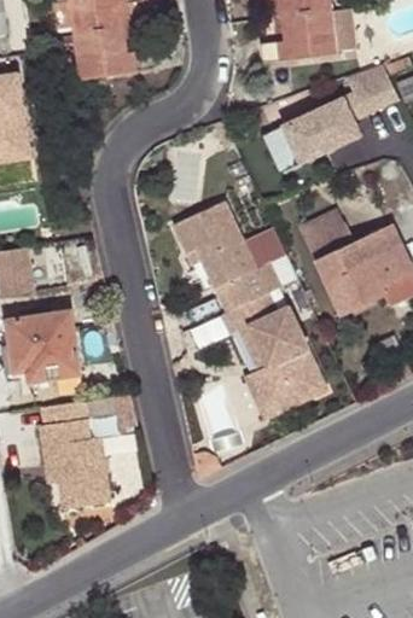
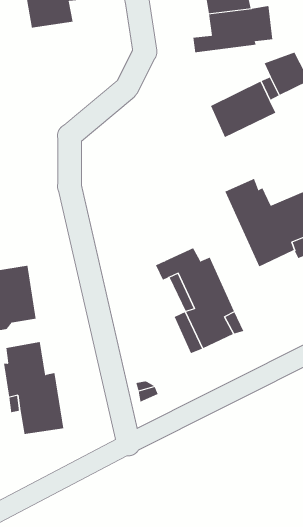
building: [74,27,153,76] -> none
building: [169,196,277,305] -> none

